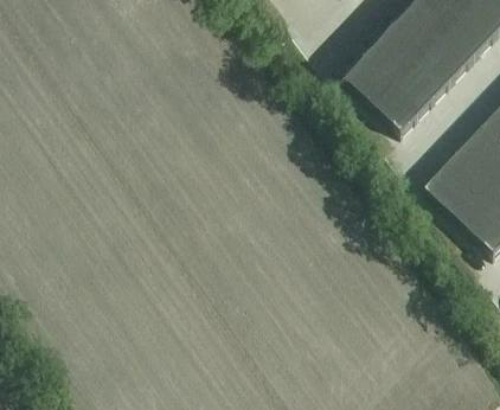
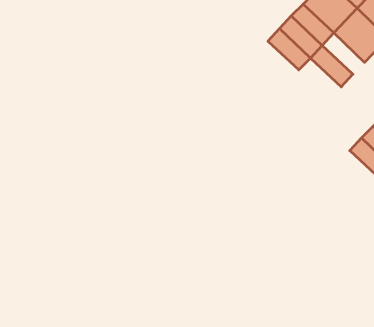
building: [397,63,444,109] -> none
building: [371,91,418,137] -> none

